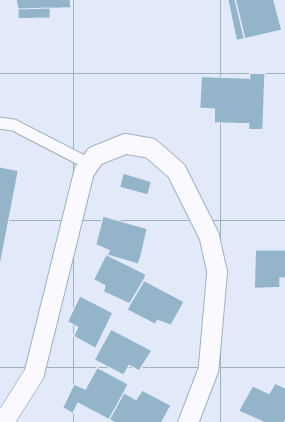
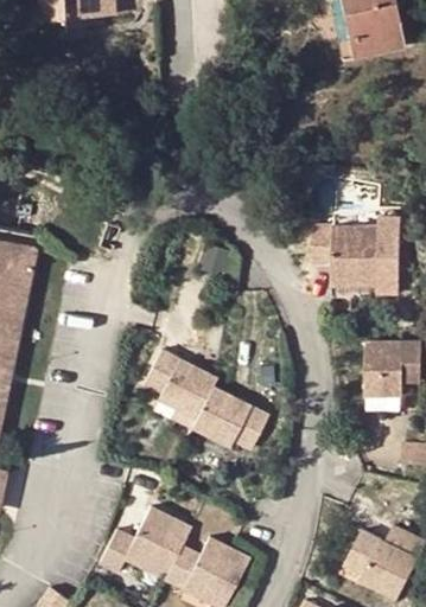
building: [199,73,265,130] -> [311,218,401,295]
building: [96,216,147,264] -> none
building: [68,296,113,348] -> none
building: [94,329,152,375] -> none

